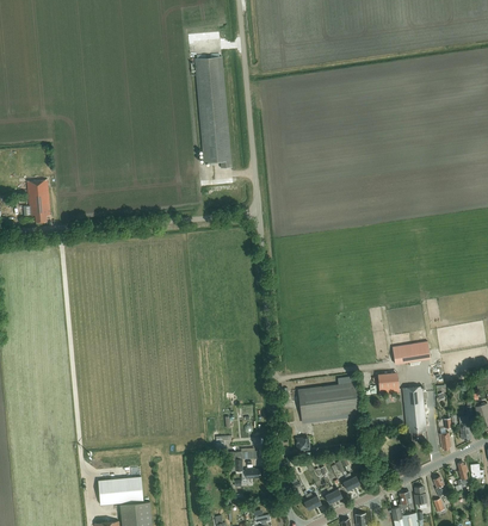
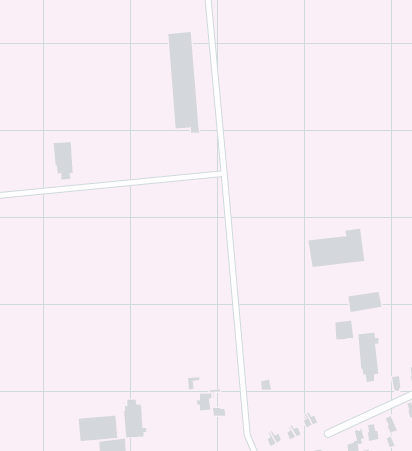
building: [27,180,50,222] -> [53,142,74,180]
building: [297,376,360,419] -> [307,228,365,268]
building: none -> [123,399,147,438]

